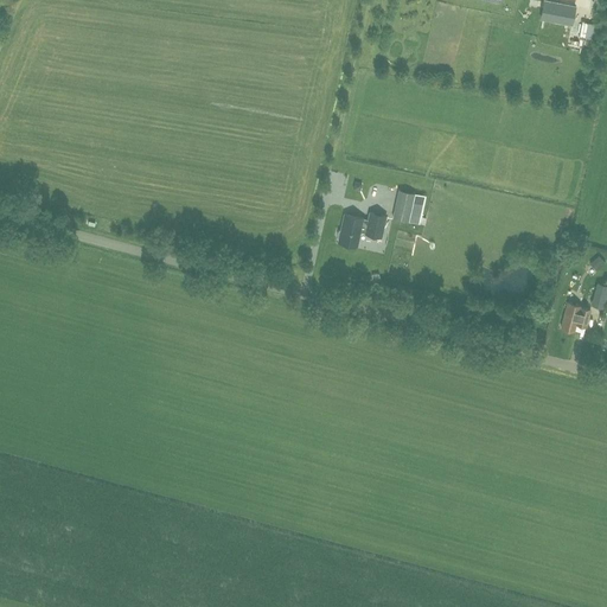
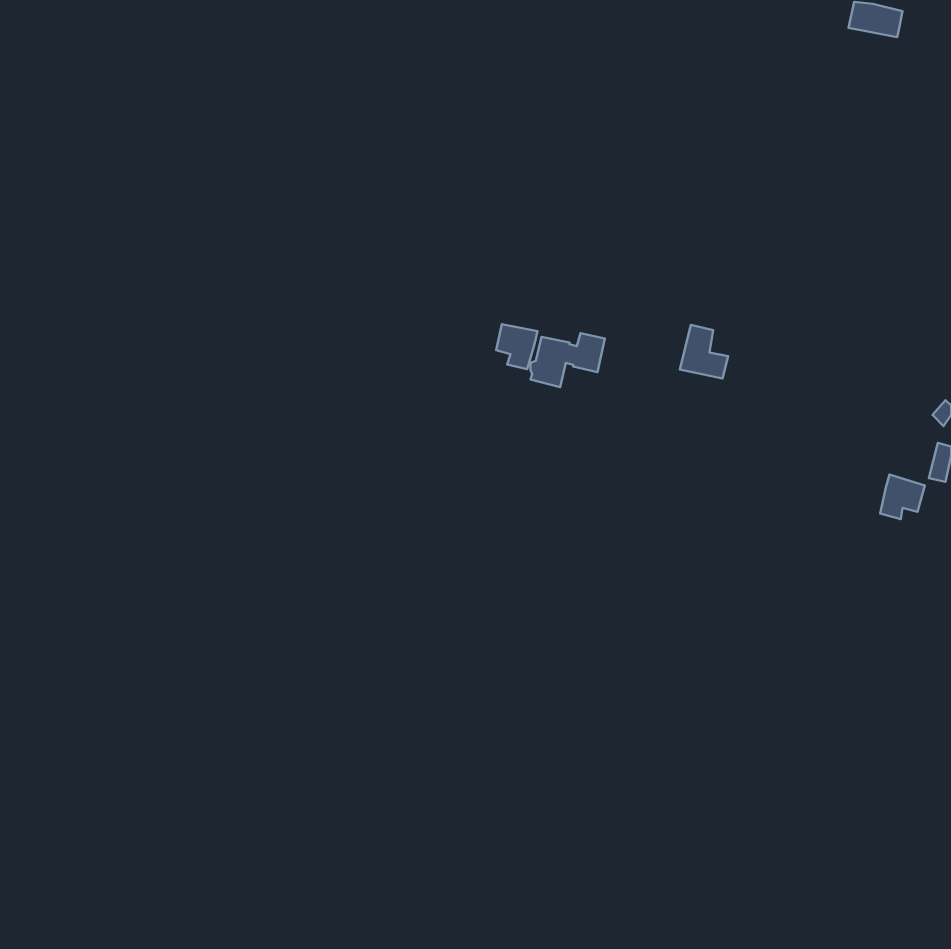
building: [392,191,423,225] -> [680,325,728,379]
building: none -> [496,324,538,369]

